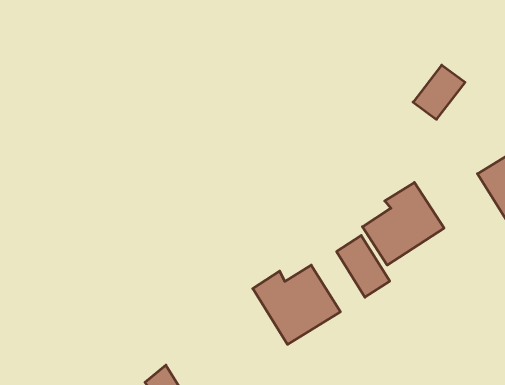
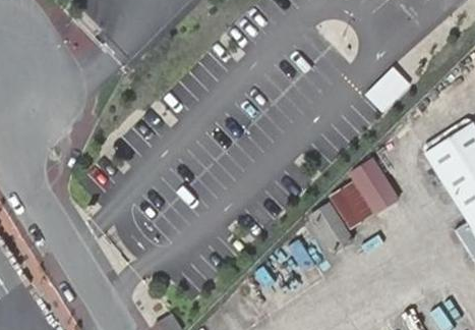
building: [253,265,340,344] -> none

